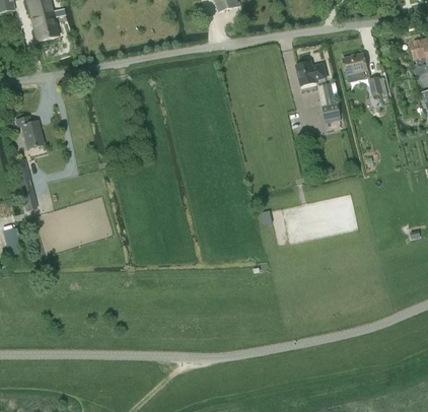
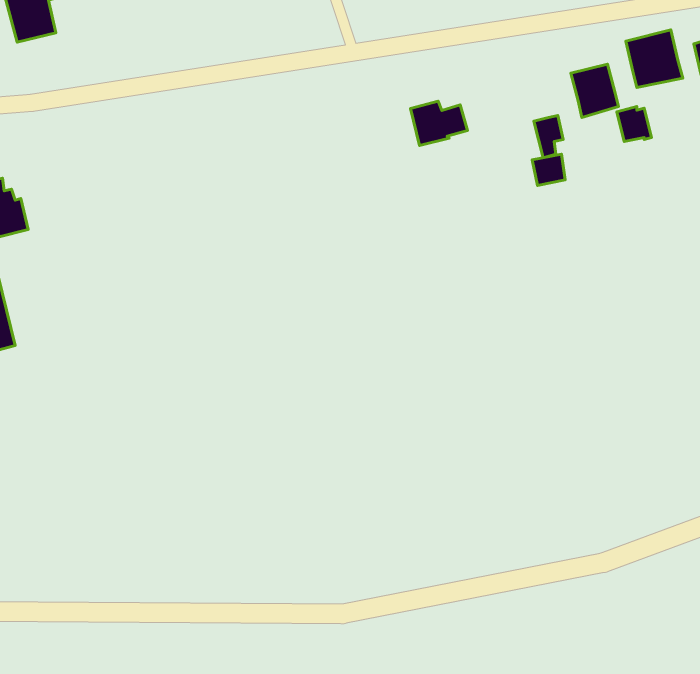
building: none -> [626,30,683,87]
building: [296,61,328,85] -> [410,101,467,145]

